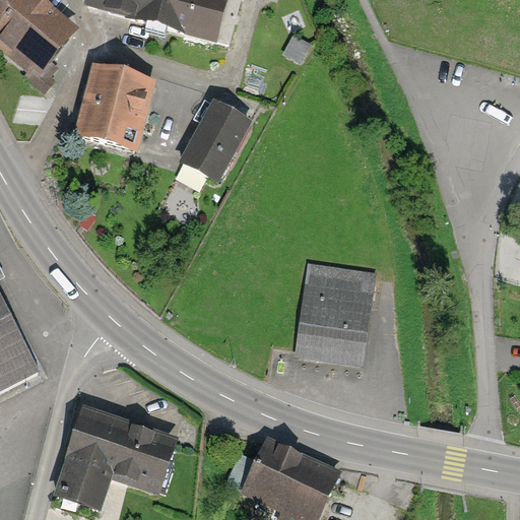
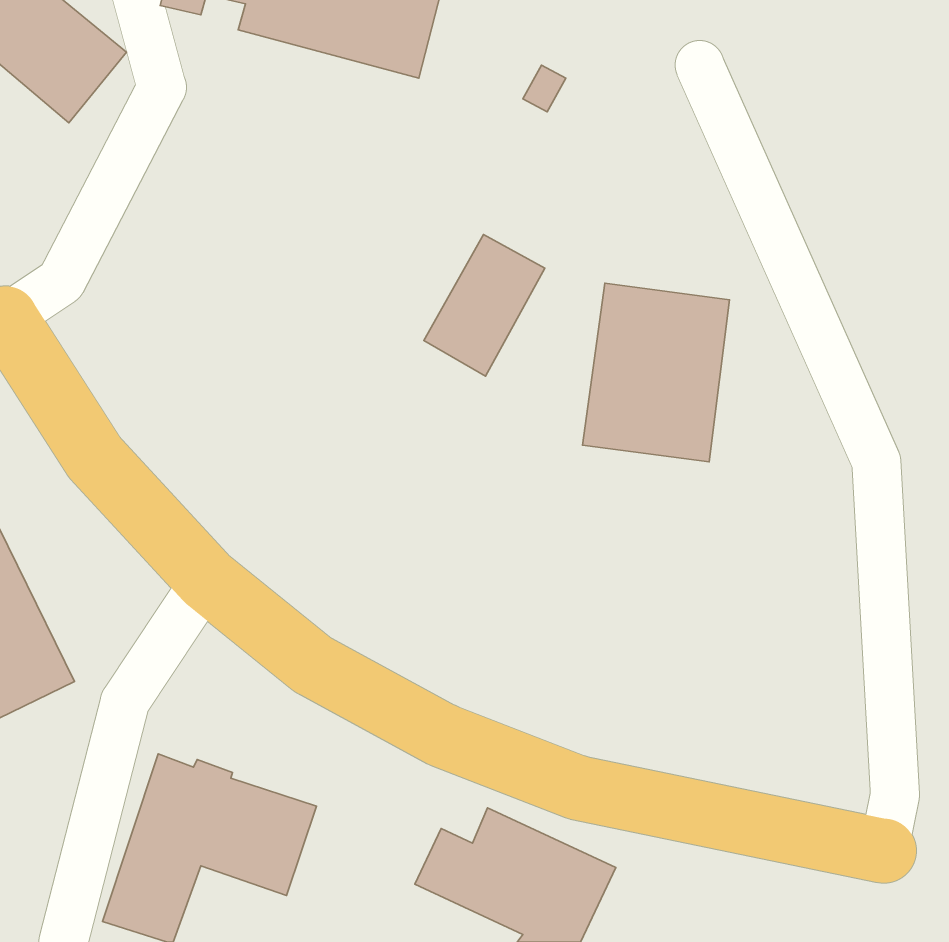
building: [78,68,152,148] -> none
building: [183,104,249,181] -> [424,235,545,376]
building: [294,261,374,359] -> [583,283,730,462]

